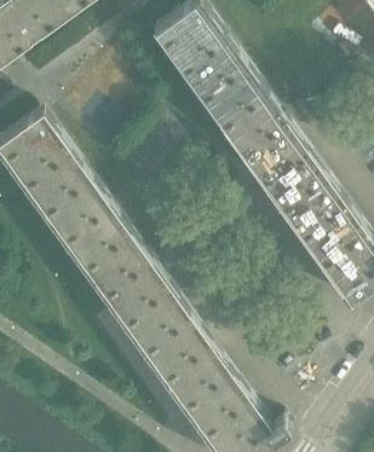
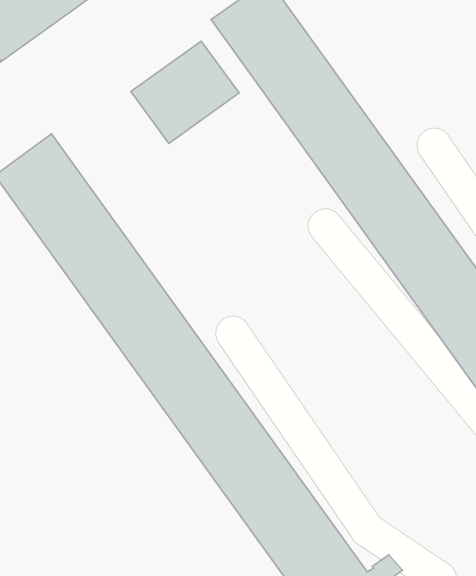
building: none -> [131,41,239,143]

